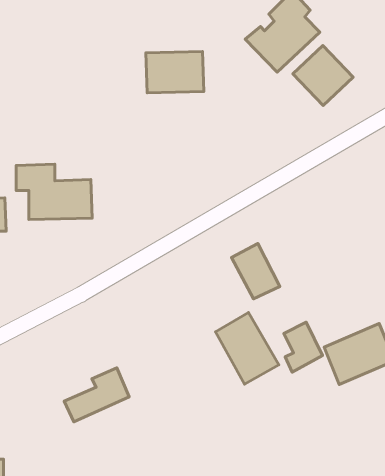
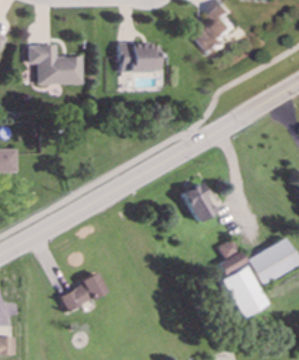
building: [293,46,353,106] -> none
building: [16,164,92,219] -> [28,44,83,84]
building: [215,312,279,384] -> [222,265,268,317]

